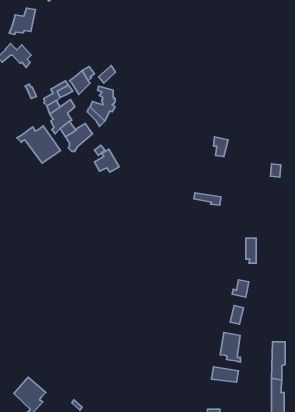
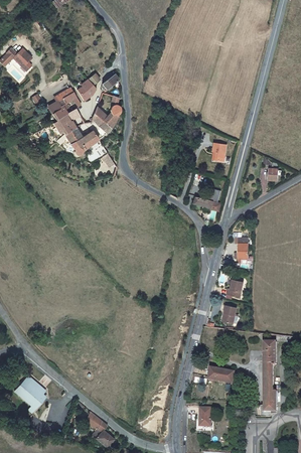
building: [9,8,36,35] -> none
building: [17,126,61,163] -> none
building: [220,333,241,362] -> none

